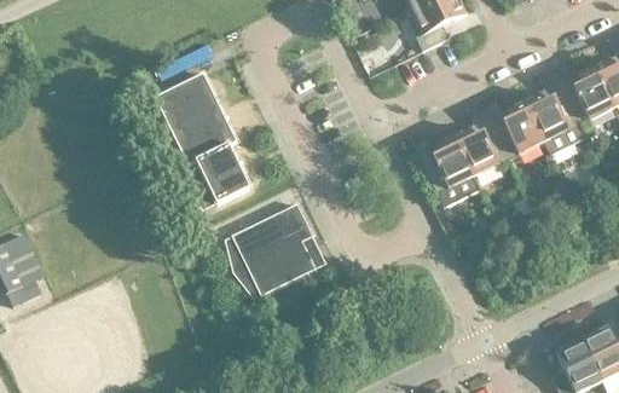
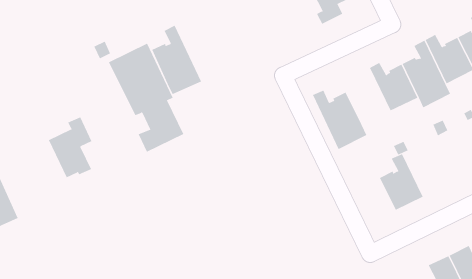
building: none -> [151,25,202,95]
building: [451,104,507,175] -> [379,154,424,210]
building: none -> [48,117,92,178]
building: [230,203,313,295] -> none

